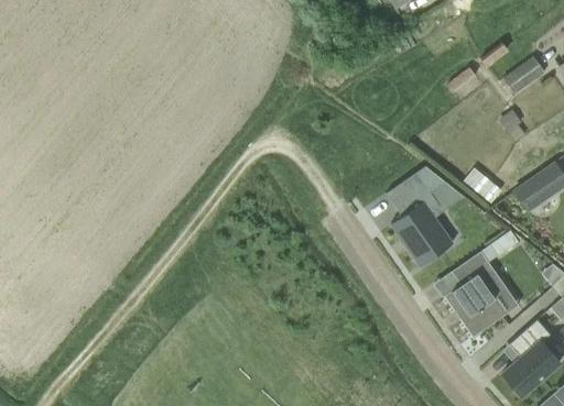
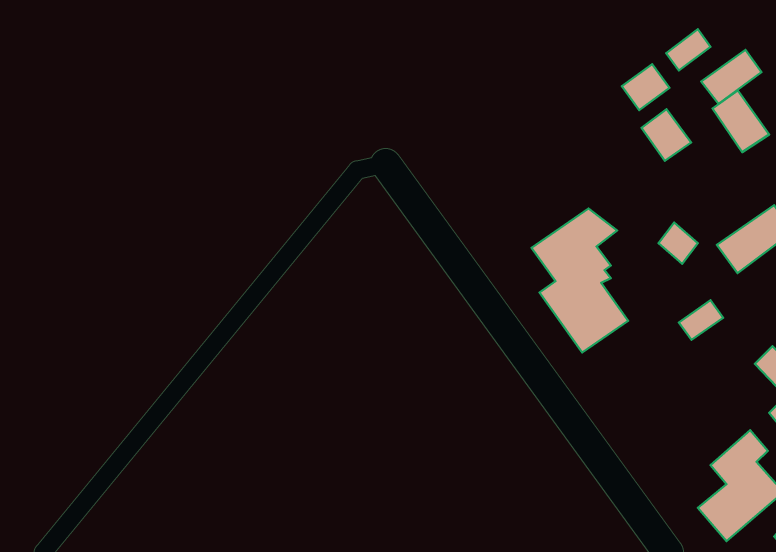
building: none -> [713,91,769,152]
building: none -> [642,109,691,161]
building: [444,251,505,337] -> none

